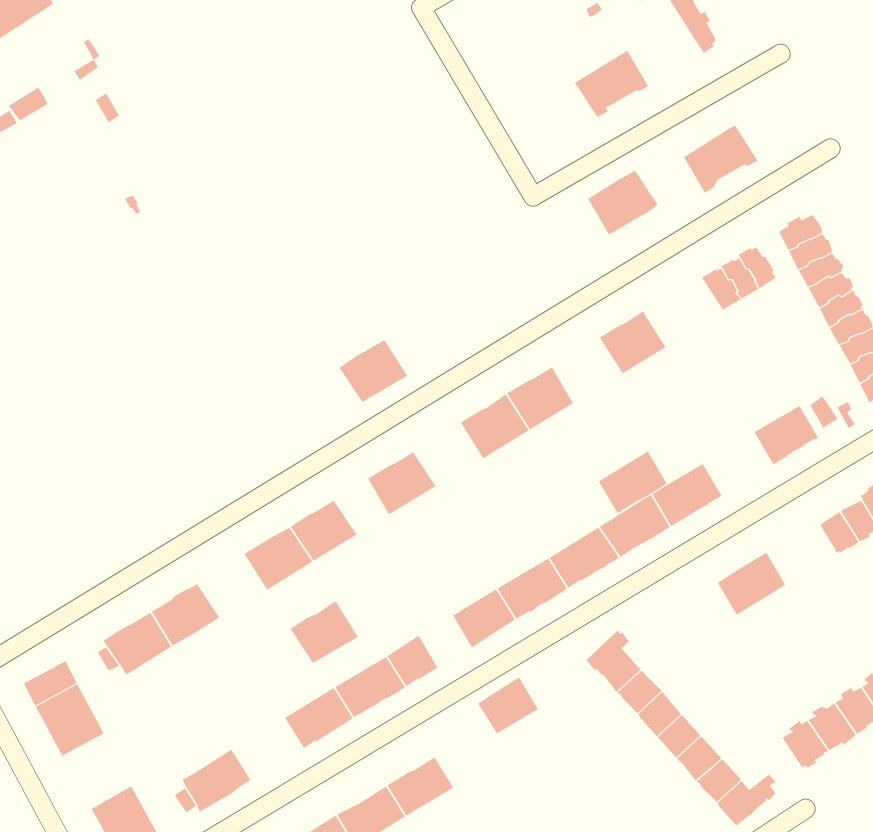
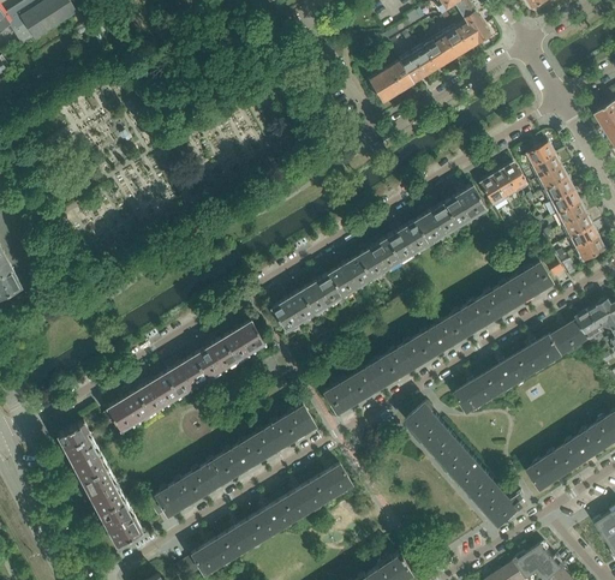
building: [683,124,758,194] -> [432,22,479,65]
building: [587,170,659,235] -> [369,62,413,103]
building: none -> [442,186,485,227]
building: none -> [386,221,429,262]
building: [339,339,408,403] -> [299,274,342,313]
building: [598,451,667,514] -> [479,280,523,319]
building: none -> [519,335,562,375]
building: none -> [455,373,500,413]
building: [289,600,359,664] -> [165,355,208,395]
building: [477,676,539,734] -> [312,465,351,501]
building: none -> [186,458,231,496]
building: none -> [80,467,124,514]

